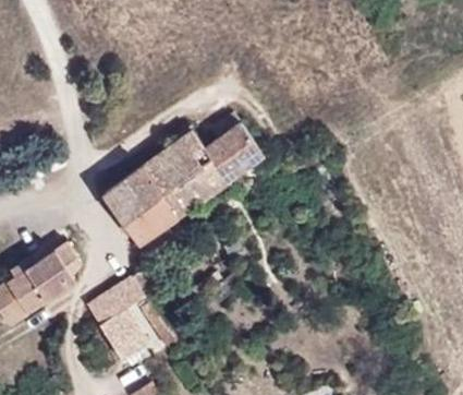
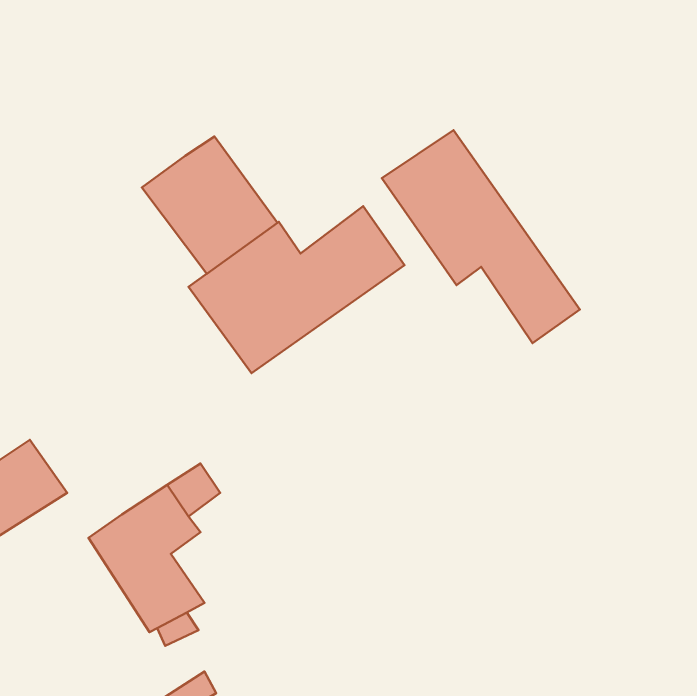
building: none -> [382,130,580,343]
building: [101,166,176,242] -> [142,136,277,274]

